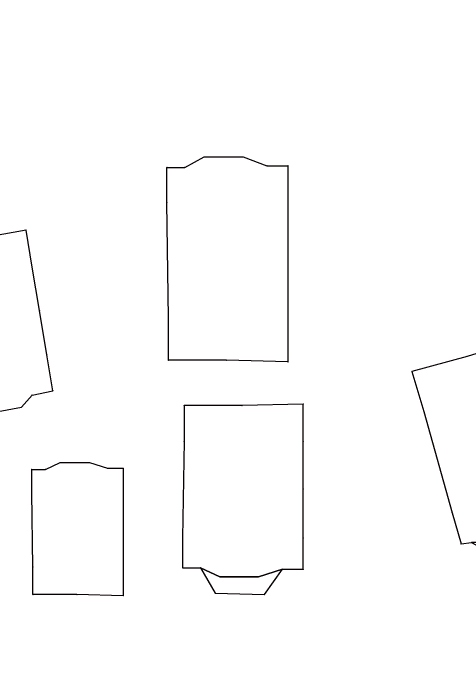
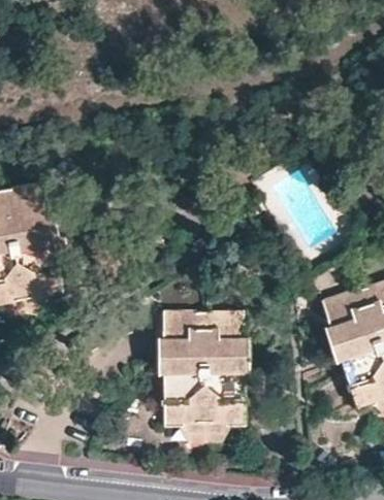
building: [167,157,288,362] -> none
building: [32,463,123,596] -> none

